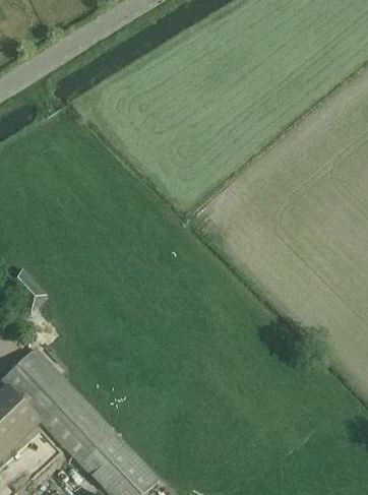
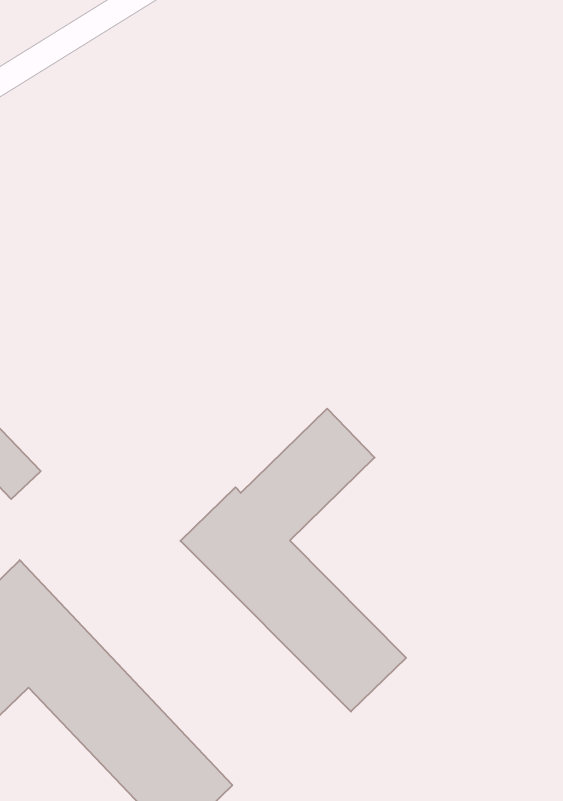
building: none -> [180,409,406,712]

